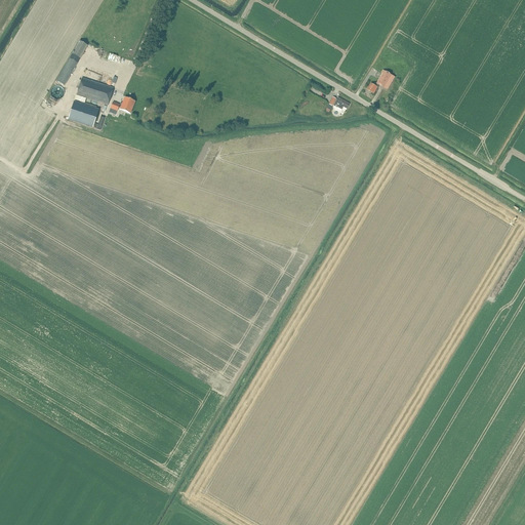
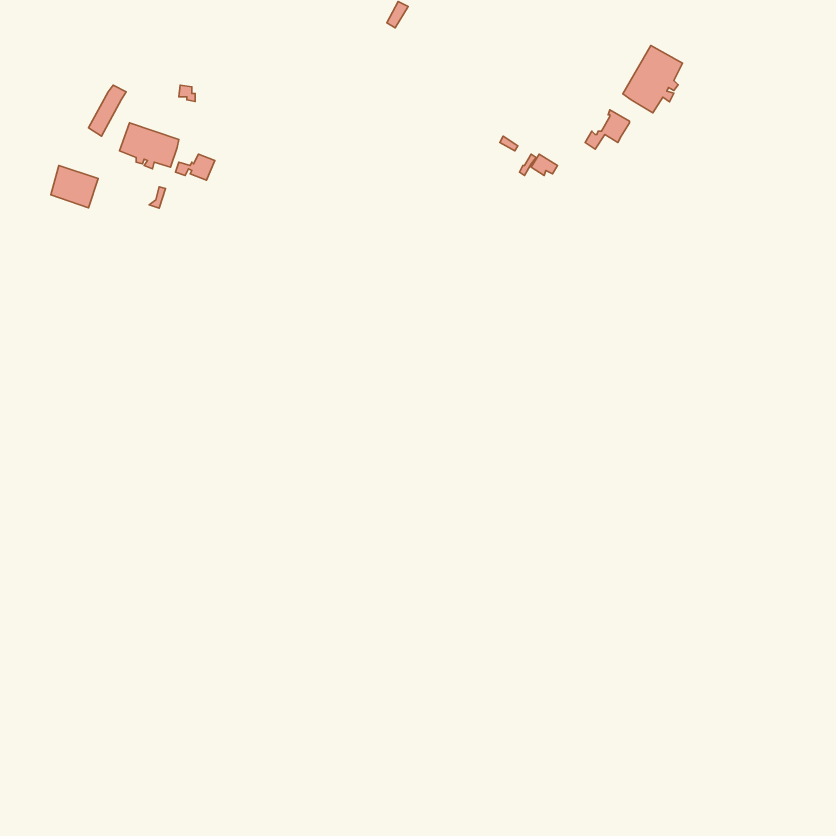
building: none -> [623,46,682,113]
building: [68,100,97,127] -> [51,165,98,208]

